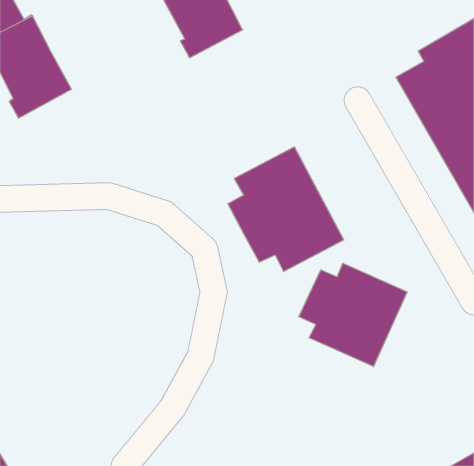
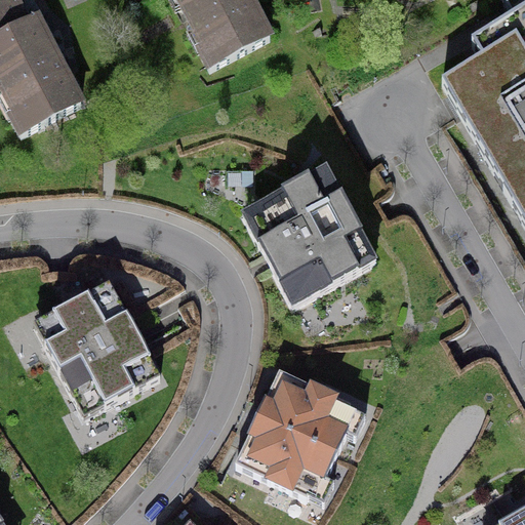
building: none -> [53,272,172,402]
building: [299,263,407,367] -> none
building: none -> [239,364,355,497]

